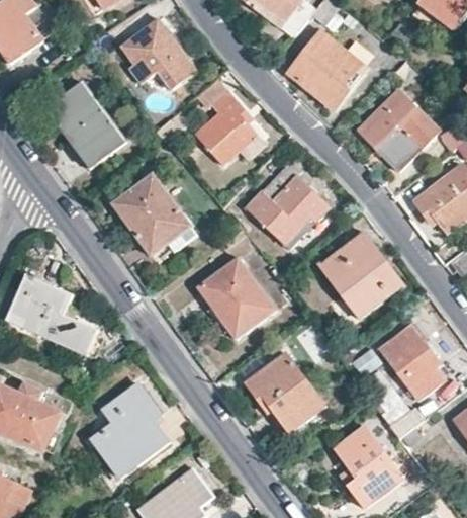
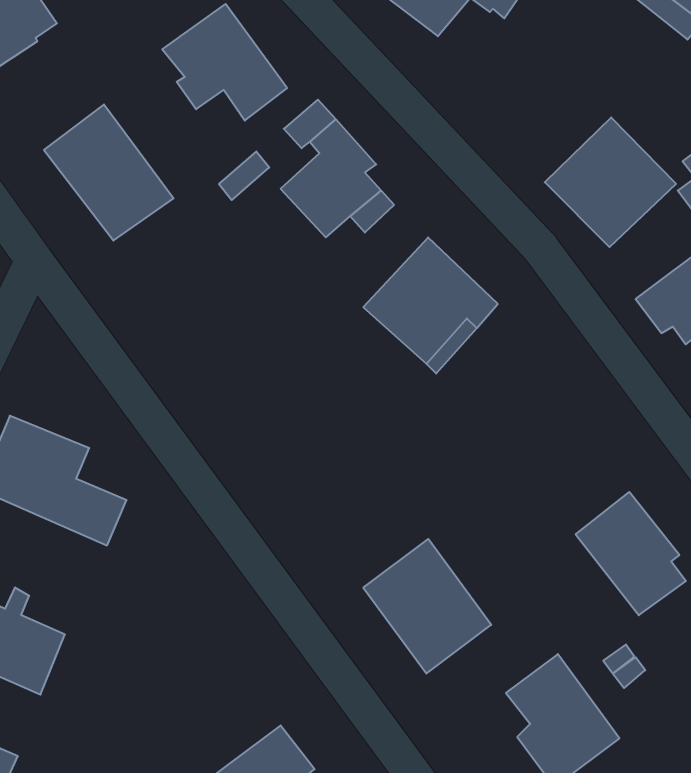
building: [287,28,364,106] -> none
building: [110,173,196,255] -> none
building: [318,232,403,318] -> none
building: [197,256,276,338] -> none
building: [92,382,168,477] -> none

